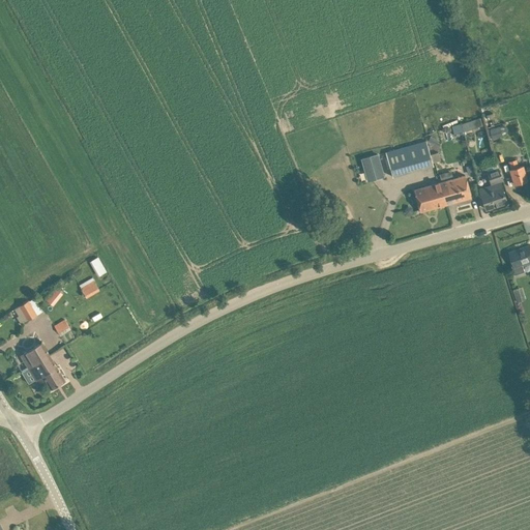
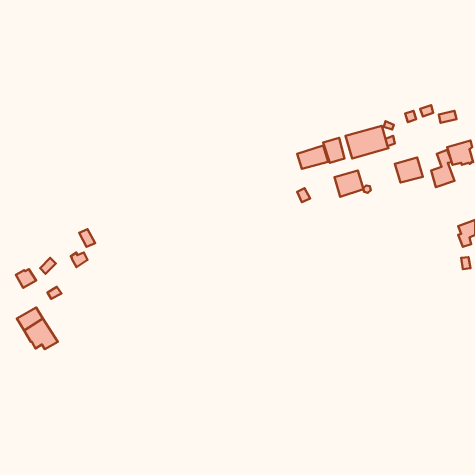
building: none -> [297,145,328,169]
building: [413,183,445,212] -> [335,171,364,197]

